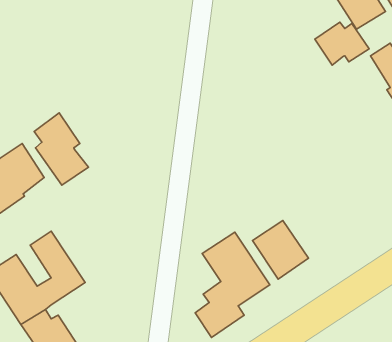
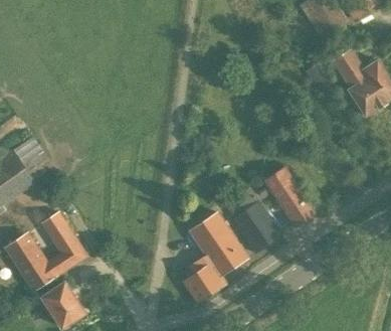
building: [315,22,369,65] -> none
building: [34,113,88,185] -> none
building: none -> [264,167,315,225]

